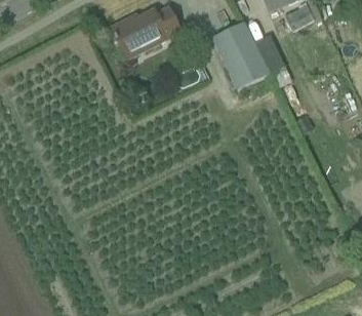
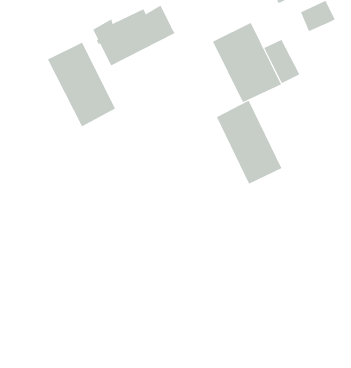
building: none -> [47,42,116,127]
building: none -> [216,100,282,184]

